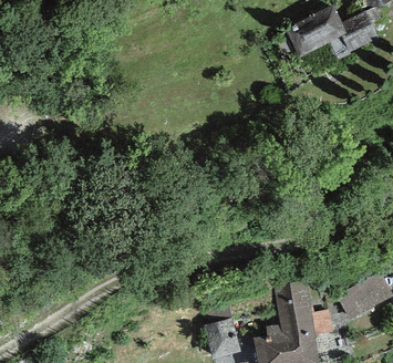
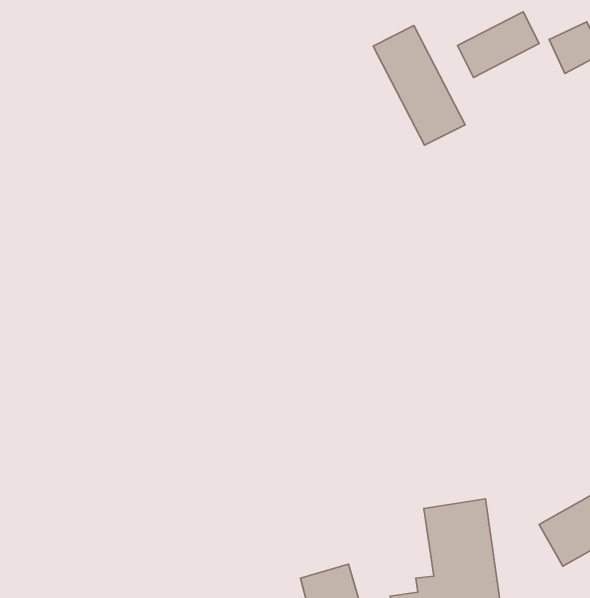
building: none -> [373,25,465,145]

